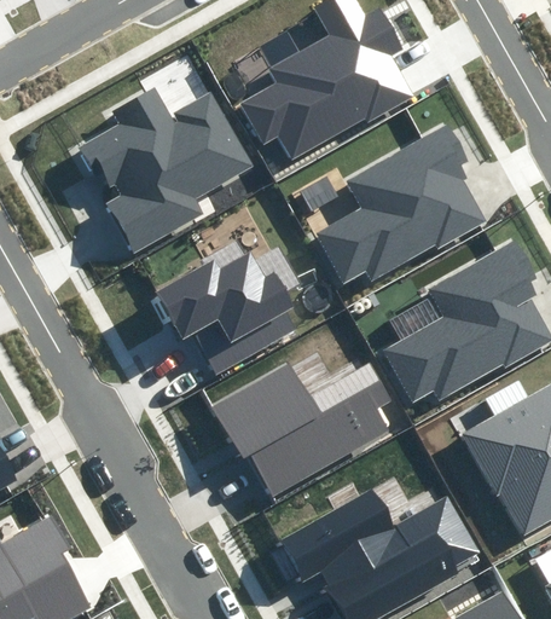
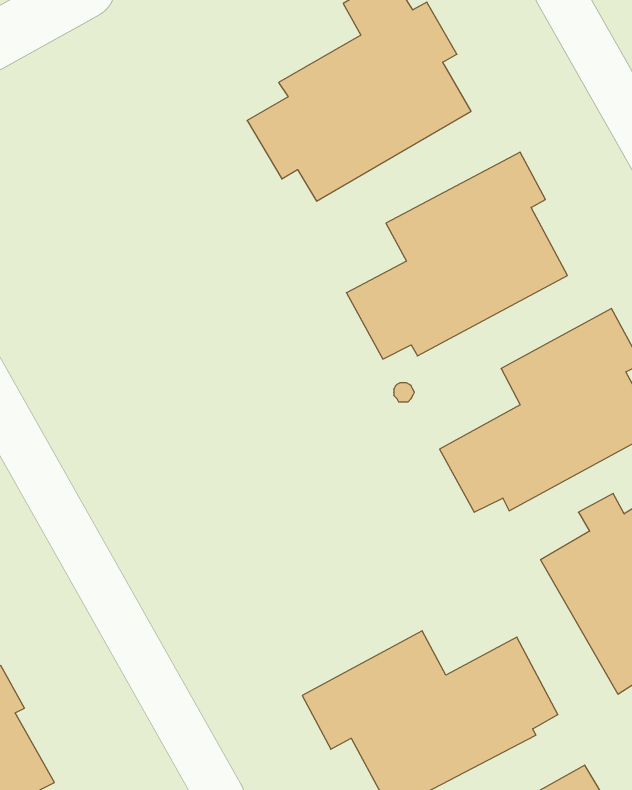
building: [76,88,253,249] -> none
building: [153,248,295,372] -> none
building: [210,355,390,503] -> none

